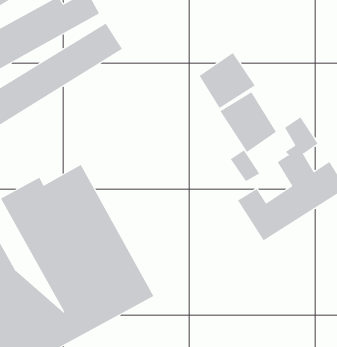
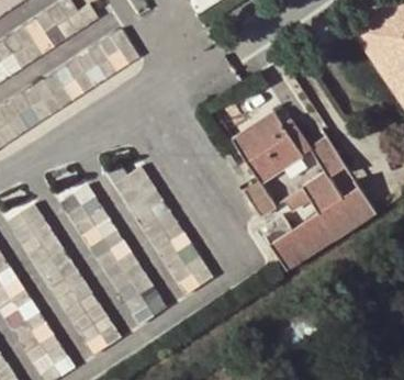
building: [199,52,255,109] -> none
building: none -> [108,158,214,297]

